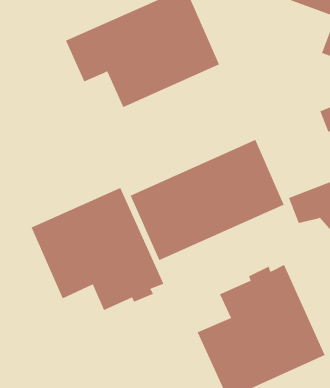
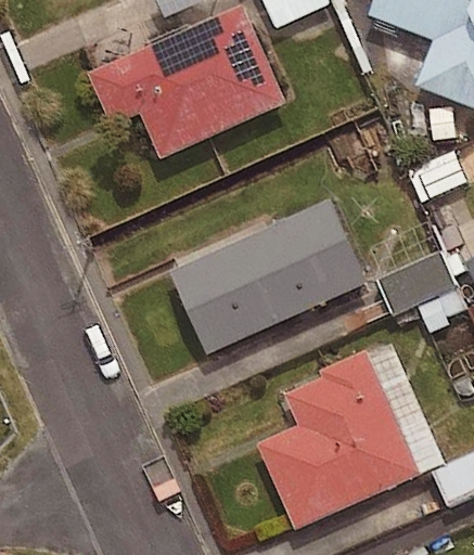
building: [31,187,164,311] -> none

